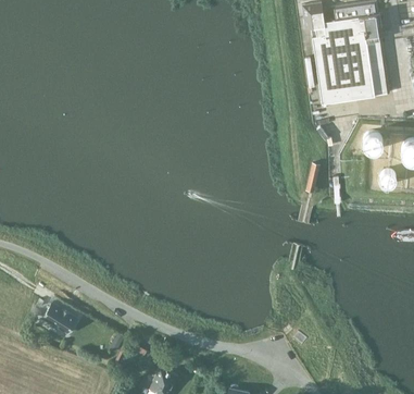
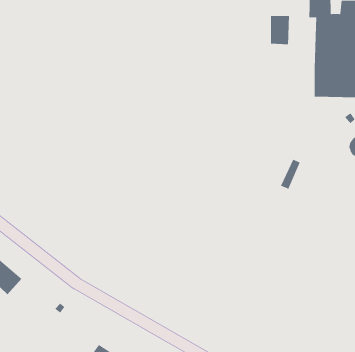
building: none -> [270,15,290,45]

